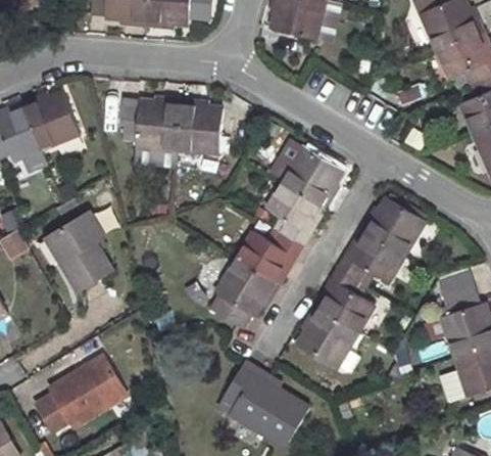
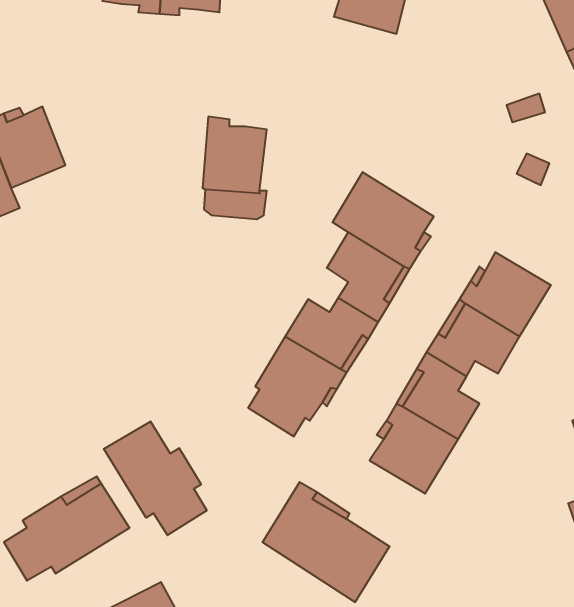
building: [117,98,181,167] -> none
building: [49,211,112,290] -> none
building: none -> [104,421,207,535]

